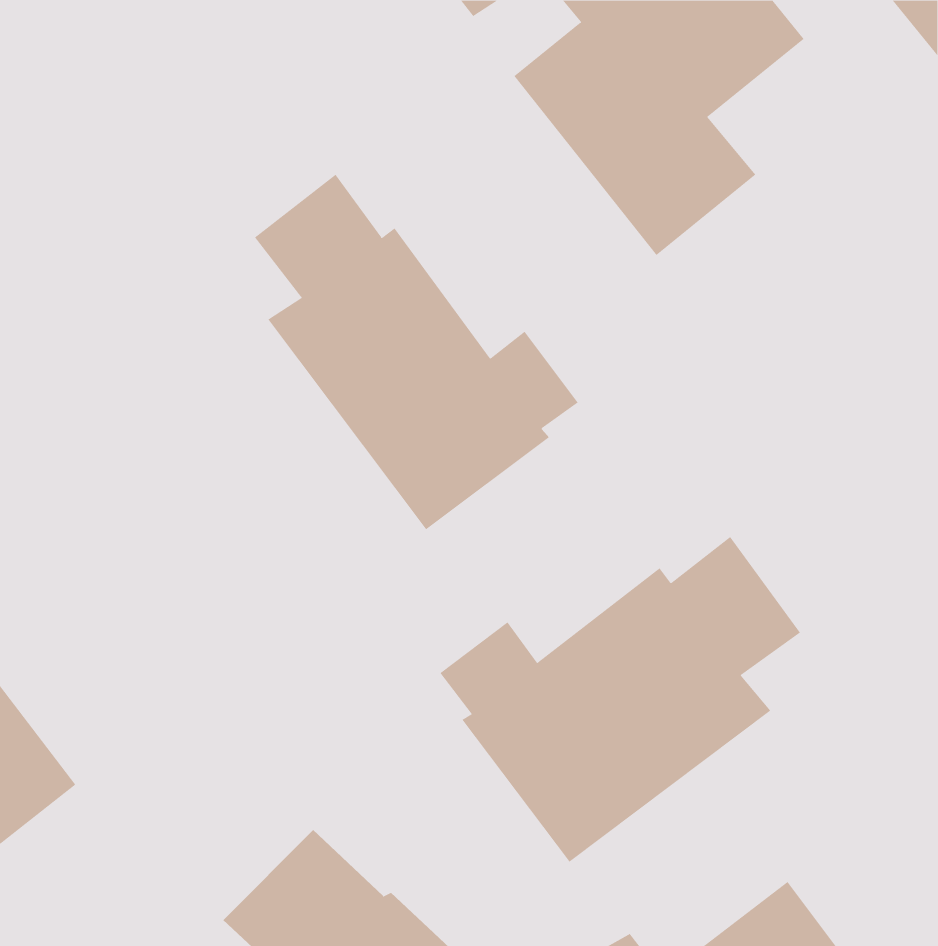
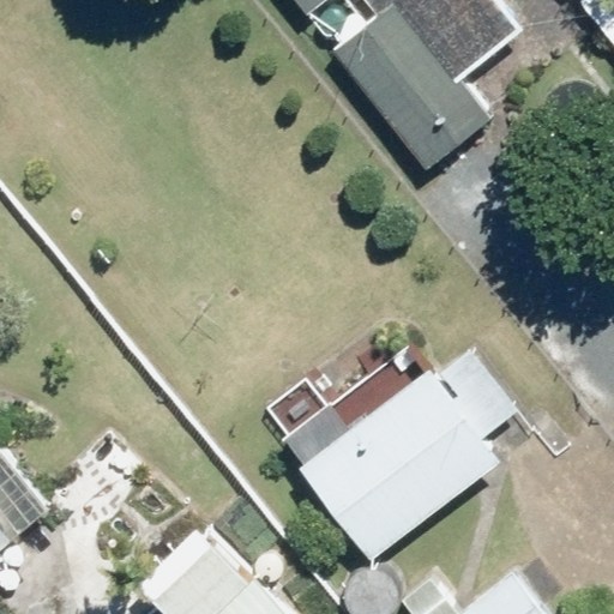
building: [254,174,578,530] -> none

